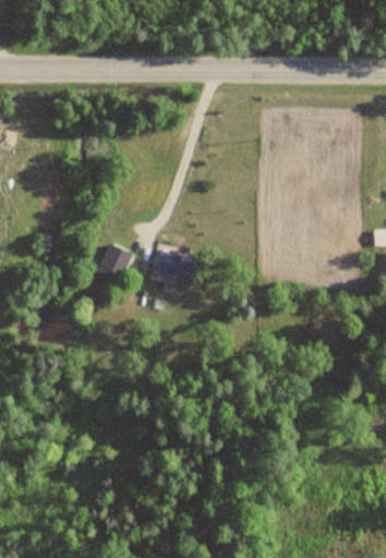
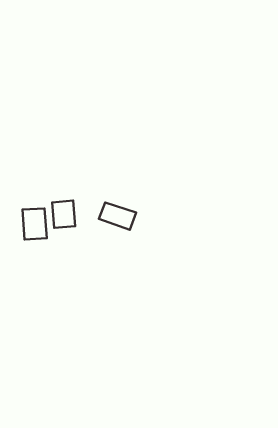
building: none -> [22,208,47,239]

